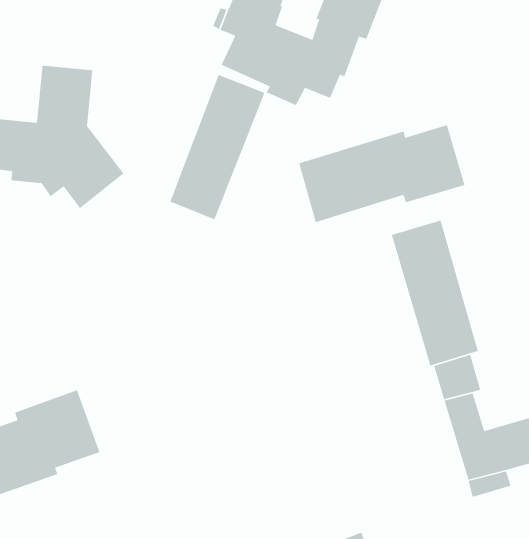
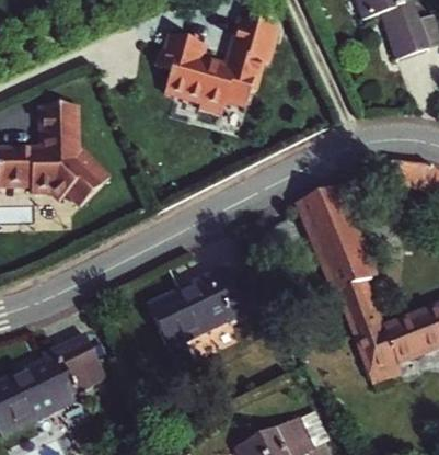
building: [169,74,265,221] -> none
building: [298,124,466,223] -> none
building: none -> [147,269,267,348]

